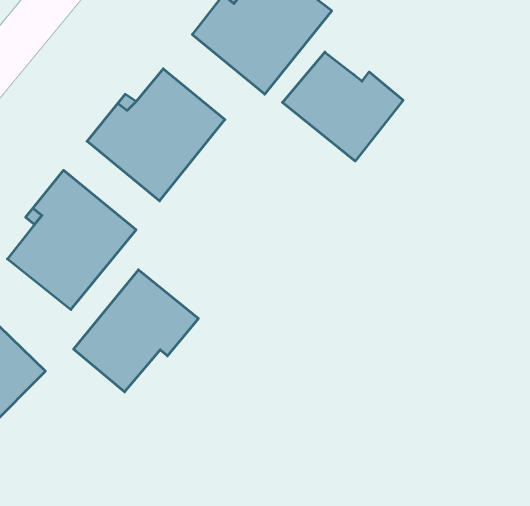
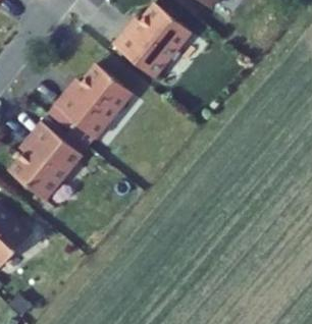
building: [282,52,403,161] -> none
building: [74,270,198,392] -> none

